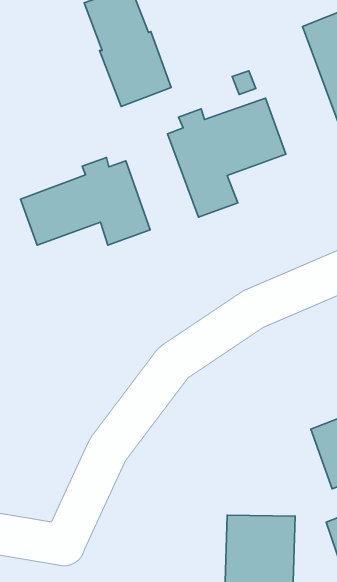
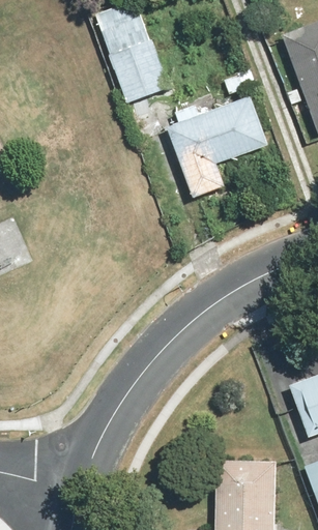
building: [20,157,150,245] -> none

